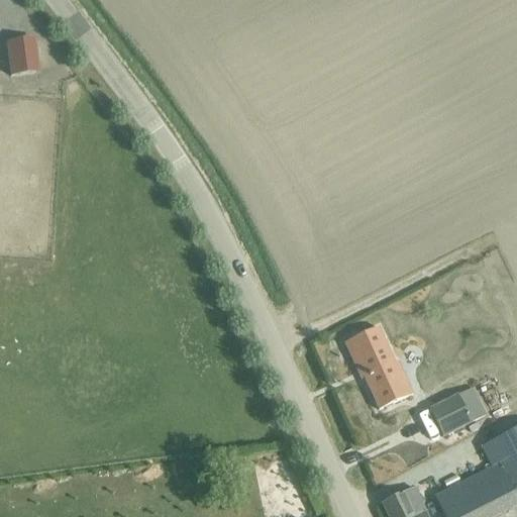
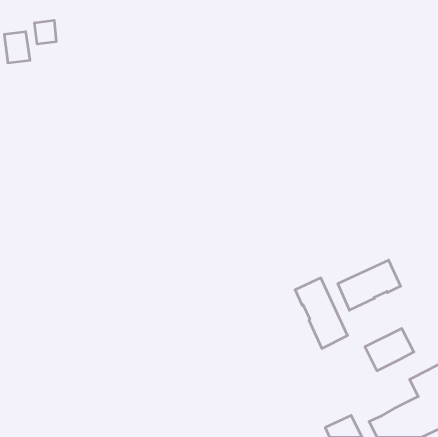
building: none -> [35,20,56,44]
building: none -> [338,260,401,310]

